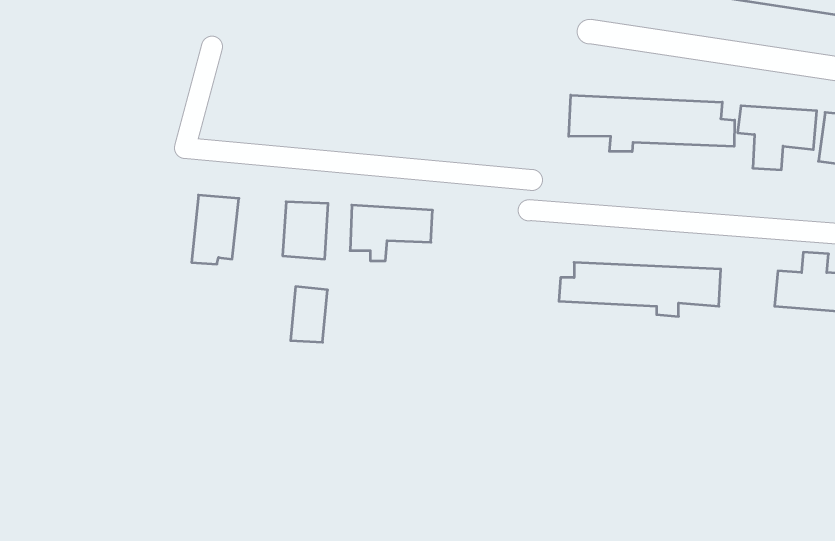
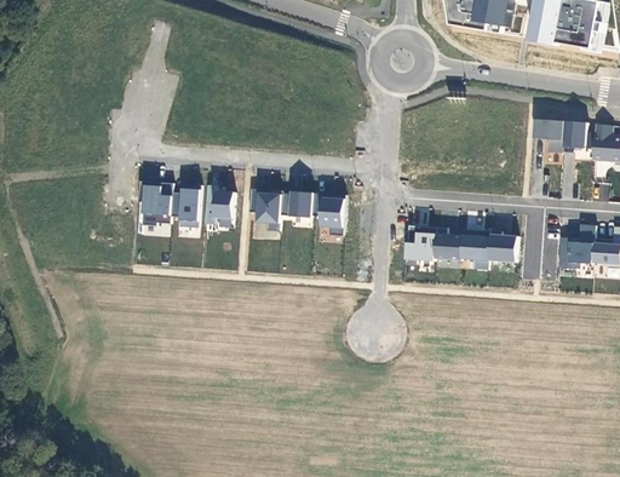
building: [569,95,735,152] -> none
building: none -> [317,195,346,232]
building: [291,287,328,342] -> [177,186,203,226]

